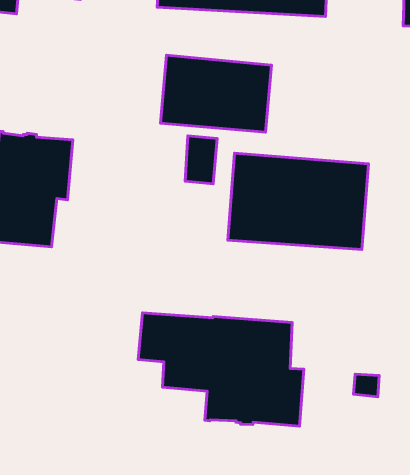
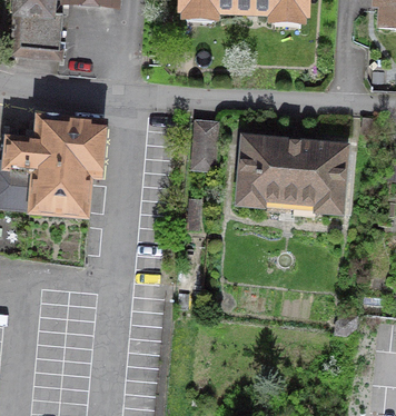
building: [161,55,271,132] -> none
building: [138,313,304,426] -> none

